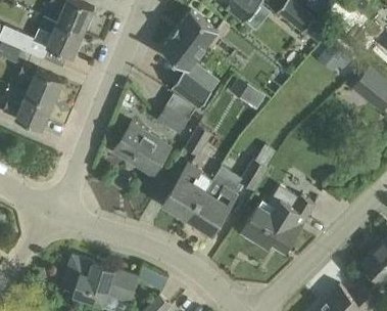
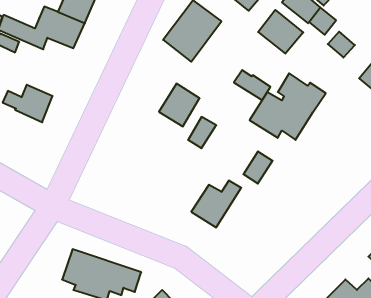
building: none -> [258,10,303,54]
building: [18,64,63,104] -> none
building: [173,74,210,108] -> none
building: [113,122,172,176] -> none
building: [163,164,212,218] -> none
building: [241,185,316,251] -> [250,73,326,140]

